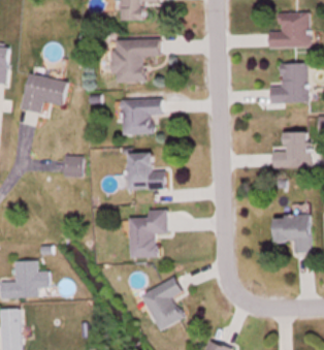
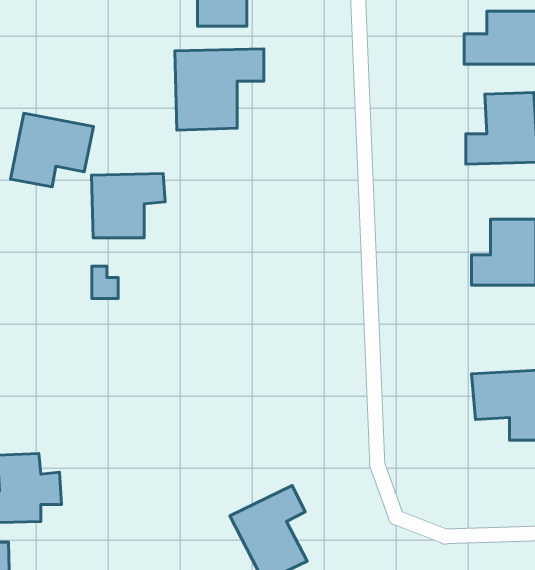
building: [121,98,161,133] -> [91,173,165,238]
building: [128,153,165,189] -> none
building: [129,209,166,257] -> none

